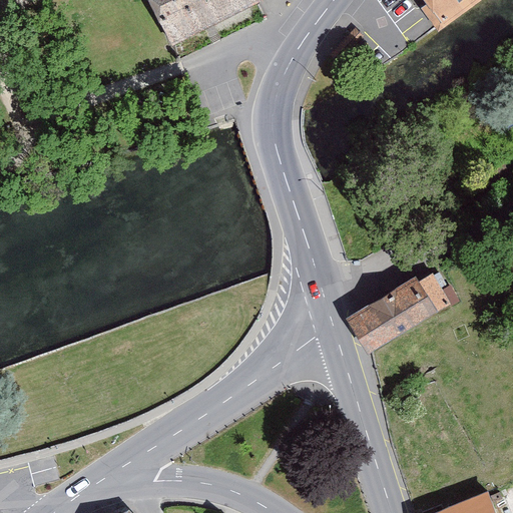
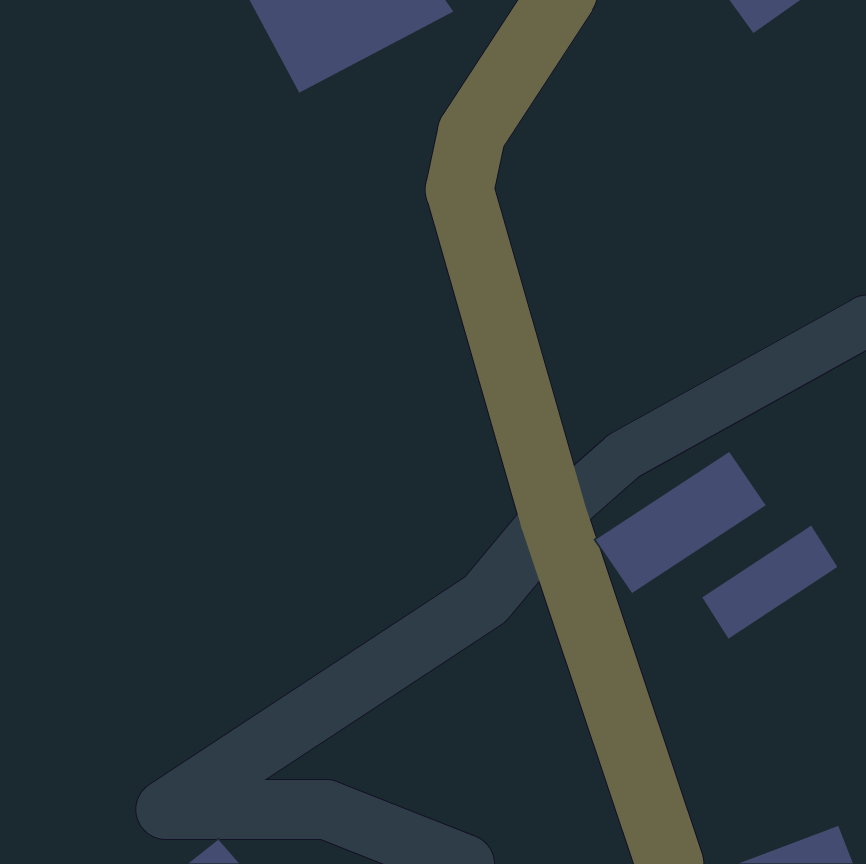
building: none -> [701,524,838,640]

